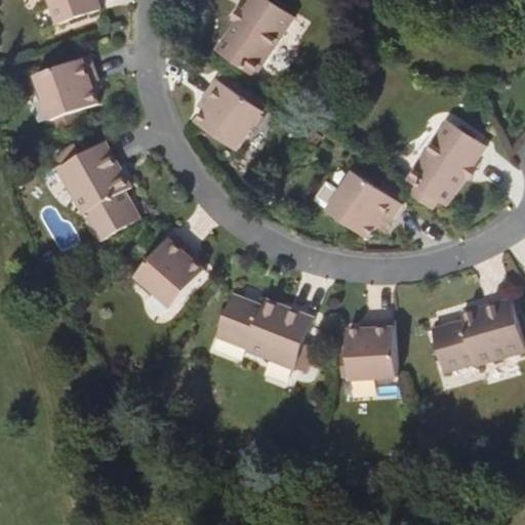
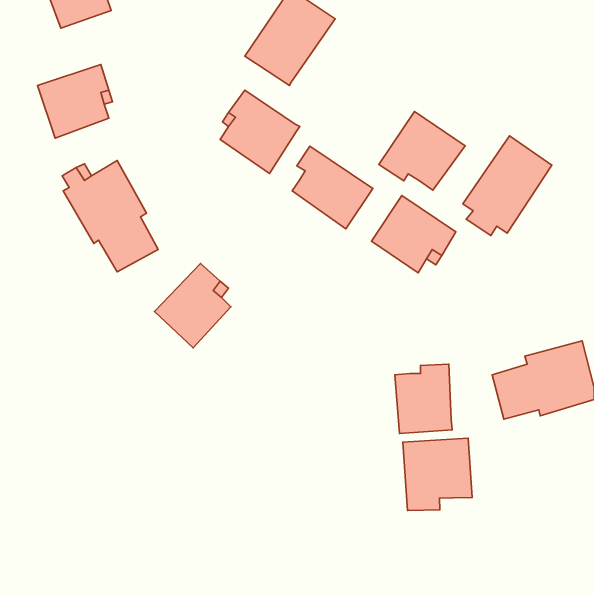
building: none -> [379,112,465,190]
building: none -> [292,146,373,229]
building: [215,293,312,368] -> none
building: none -> [403,438,472,510]

